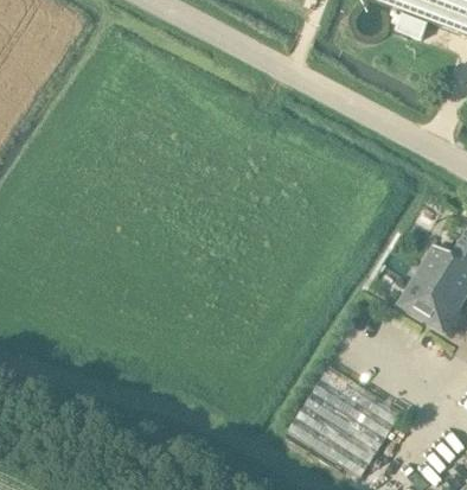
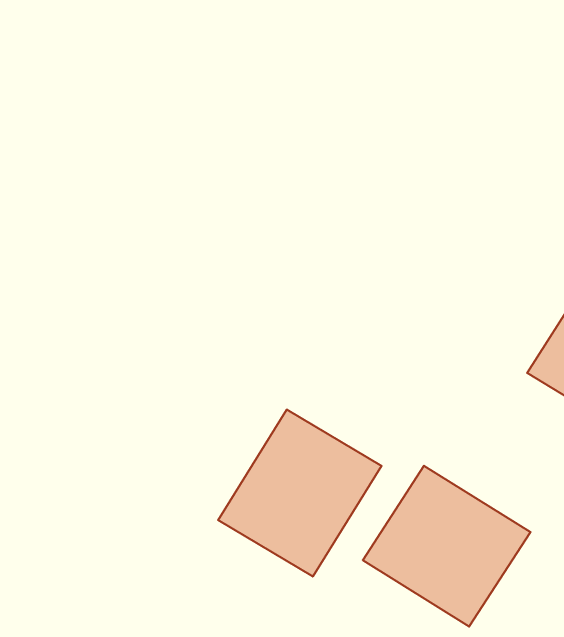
building: none -> [218,409,382,577]

